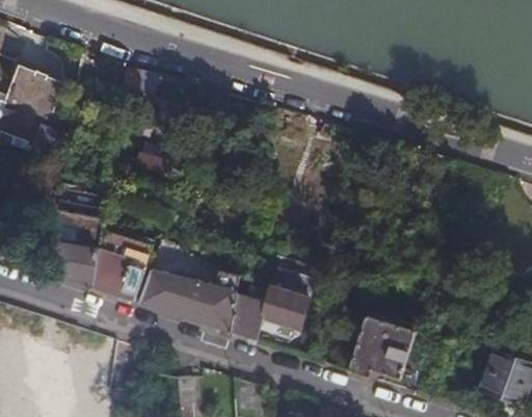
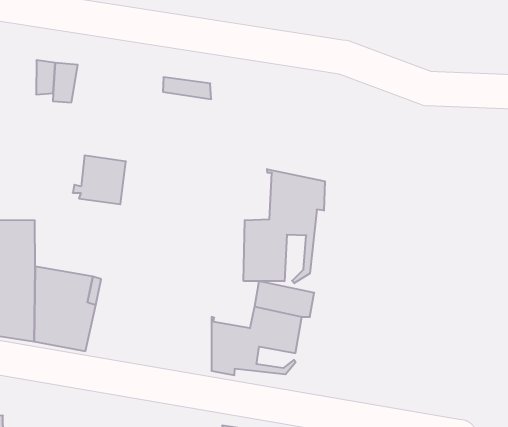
building: none -> [244,169,325,283]
building: [136,266,235,333] -> none
building: [347,316,413,379] -> none

